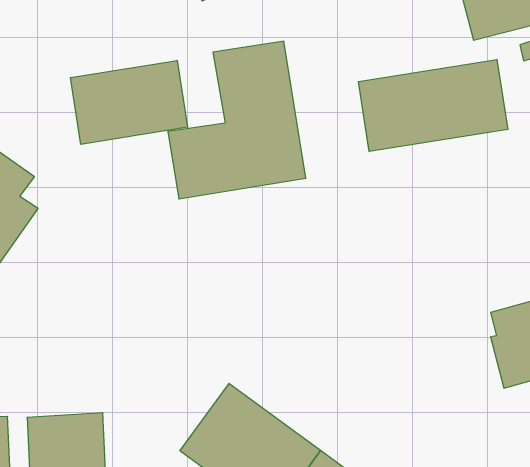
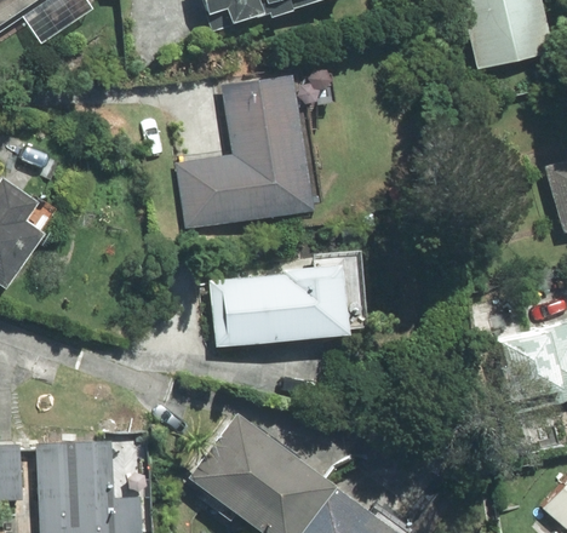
building: [358,59,508,152] -> none
building: [70,60,188,144] -> none
building: none -> [208,258,348,345]

